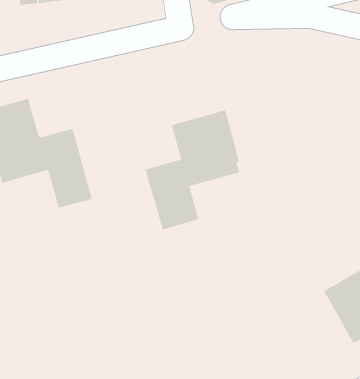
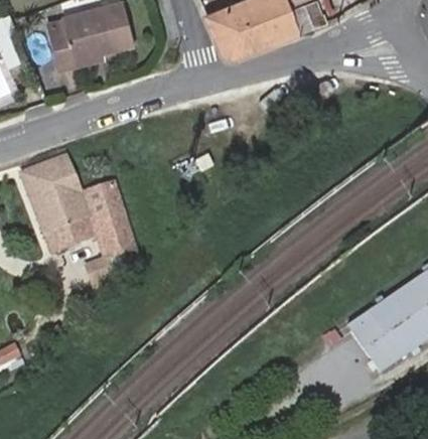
building: [144,110,240,231] -> none

